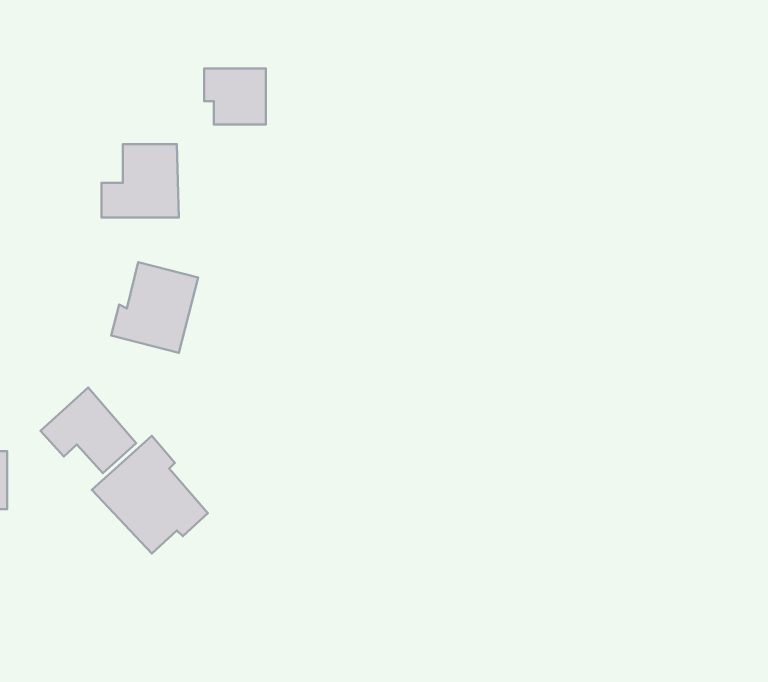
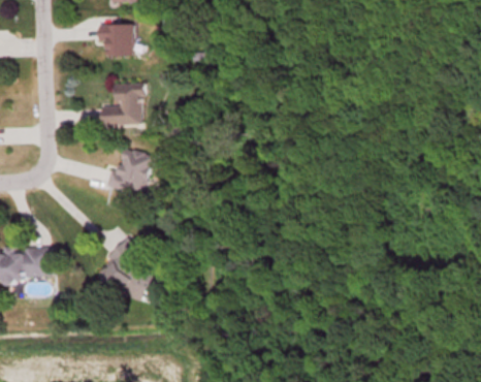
building: [204,68,266,124] -> [99,25,132,55]
building: [41,388,136,473] -> none

